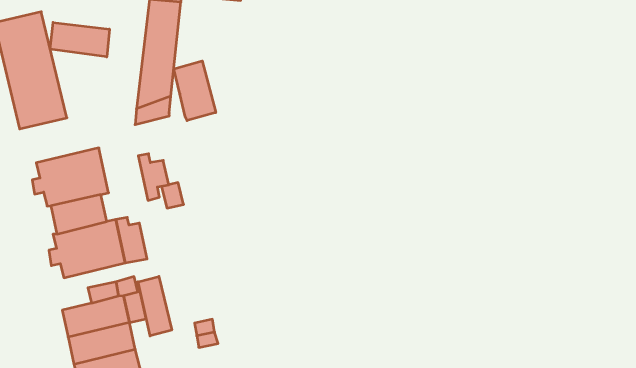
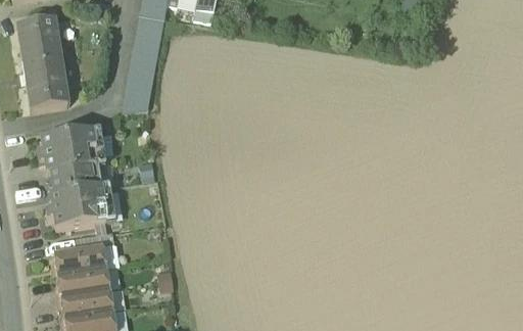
building: [50,22,109,57] -> none
building: [174,61,216,121] -> none
building: [138,154,169,200] -> [92,126,114,162]
building: [138,276,172,336] -> none

